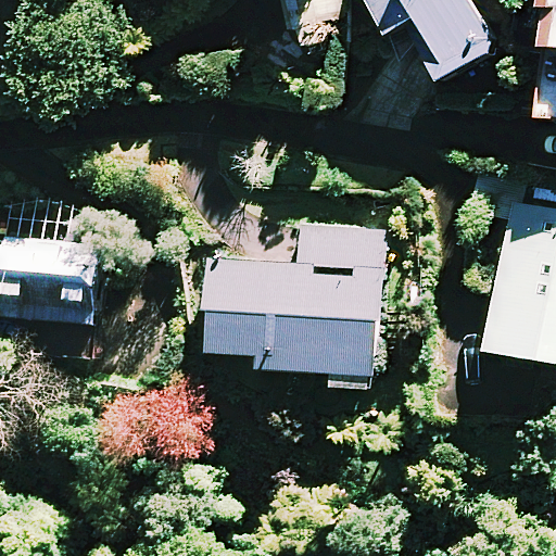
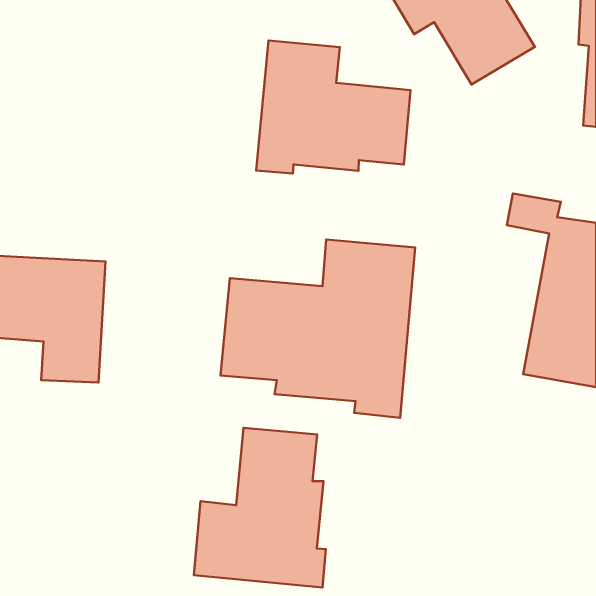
building: none -> [256,41,410,174]
building: none -> [194,428,326,587]

